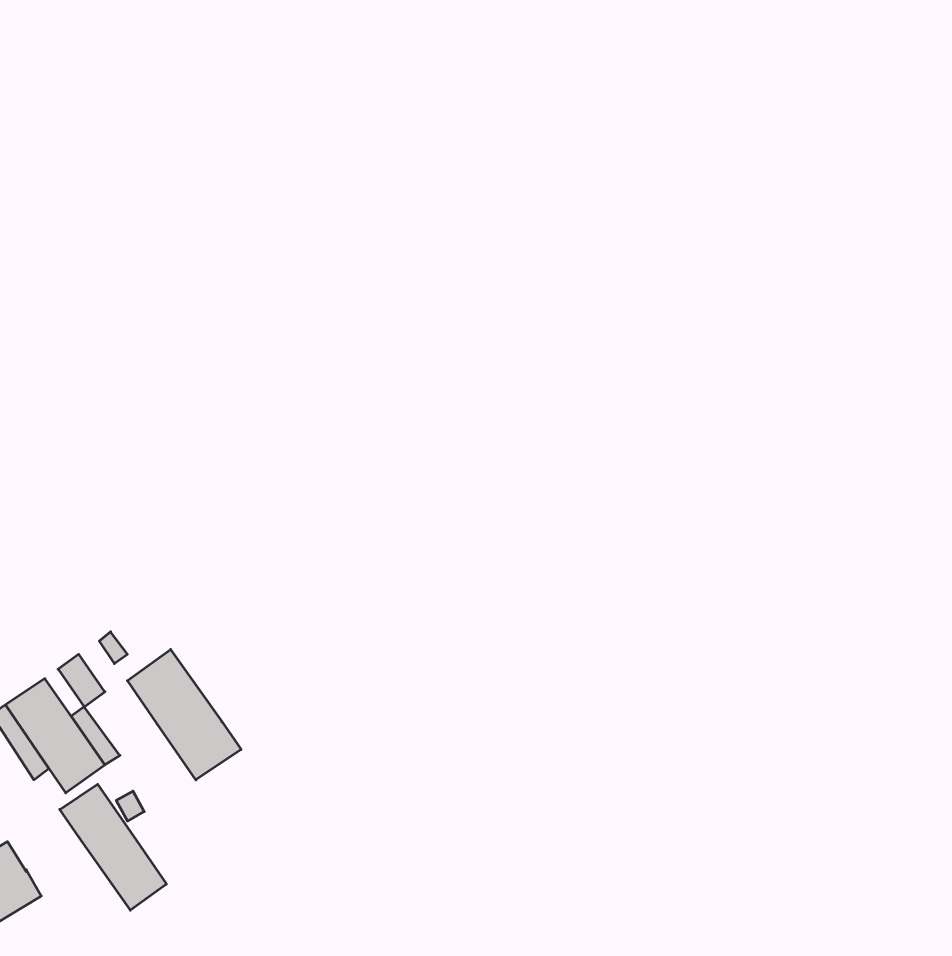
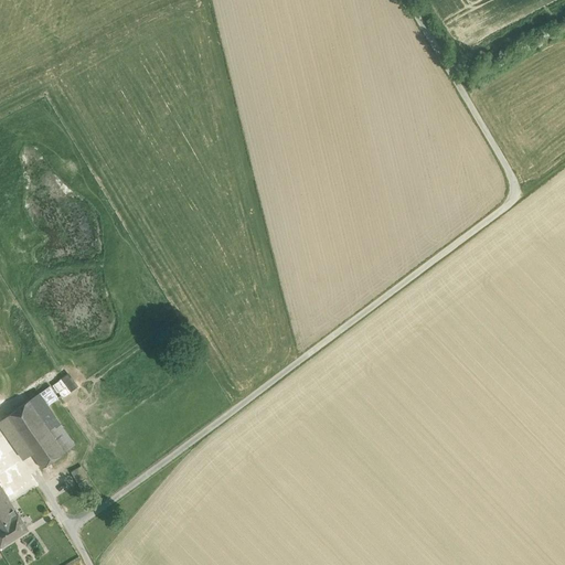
building: [127,649,241,780] -> none
building: [60,784,166,910] -> none

